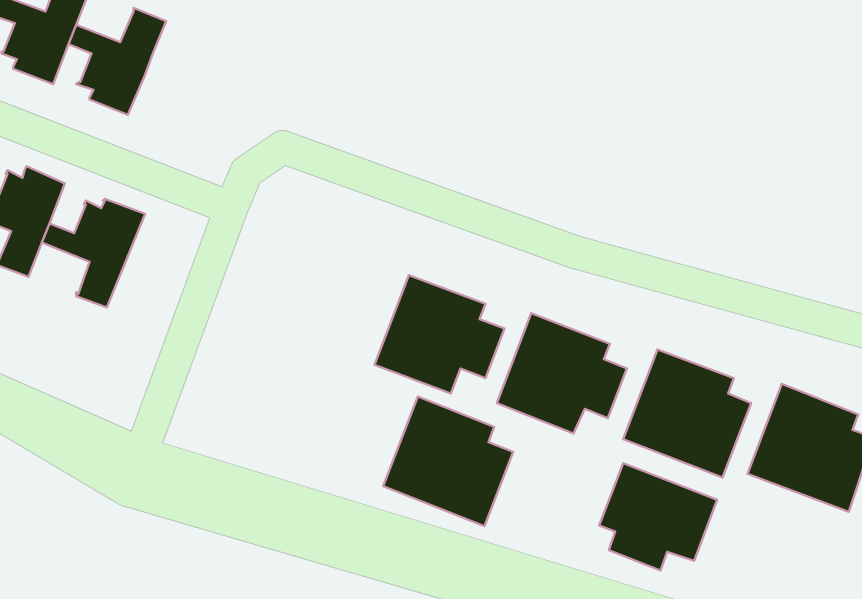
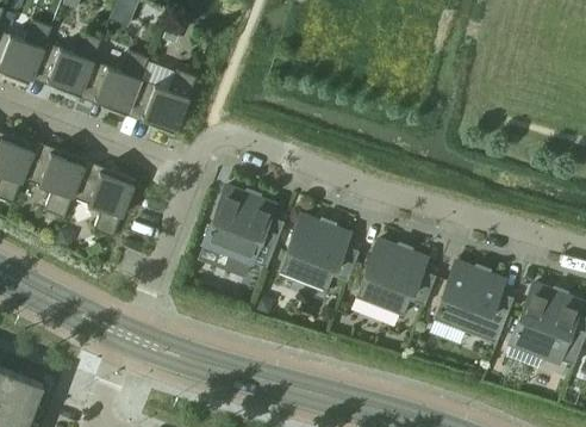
building: none -> [136,68,197,135]
building: [383,396,513,526] -> [204,186,285,267]
building: [599,463,717,570] -> none

